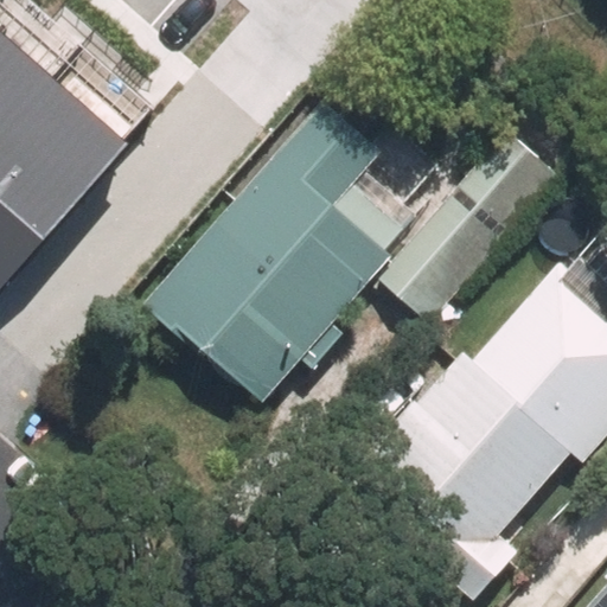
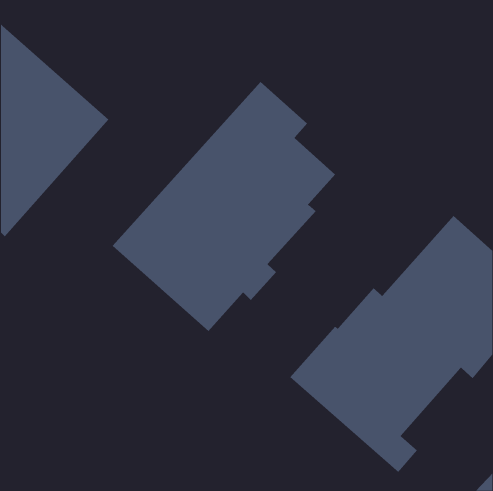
building: [375,130,560,325] -> none

